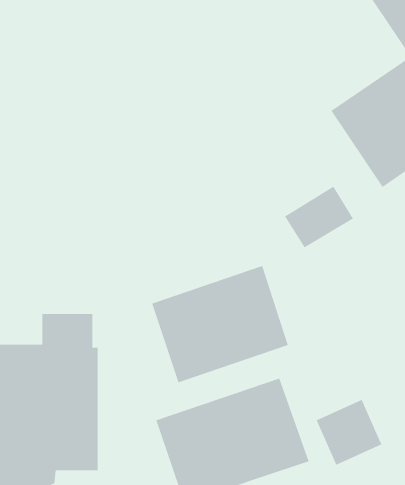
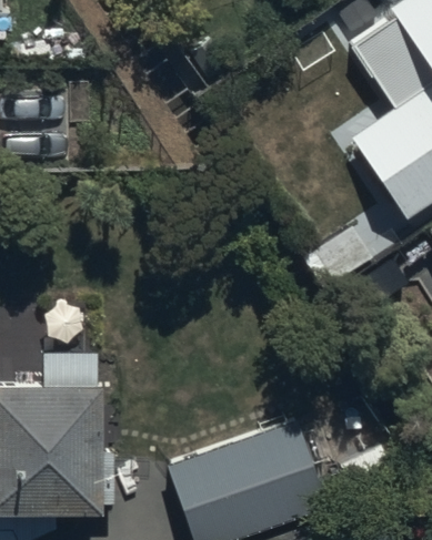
building: [151,265,289,383] -> none

